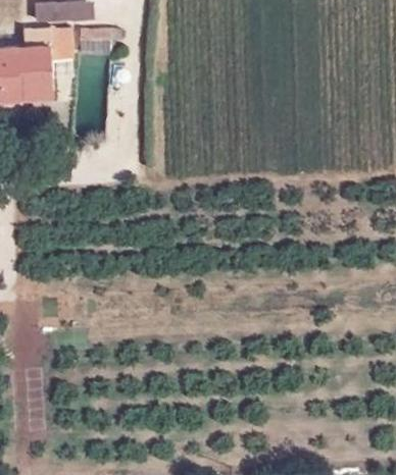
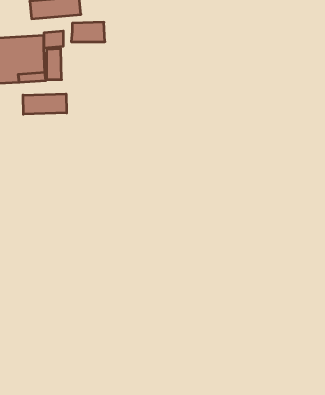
building: none -> [23,94,67,114]

